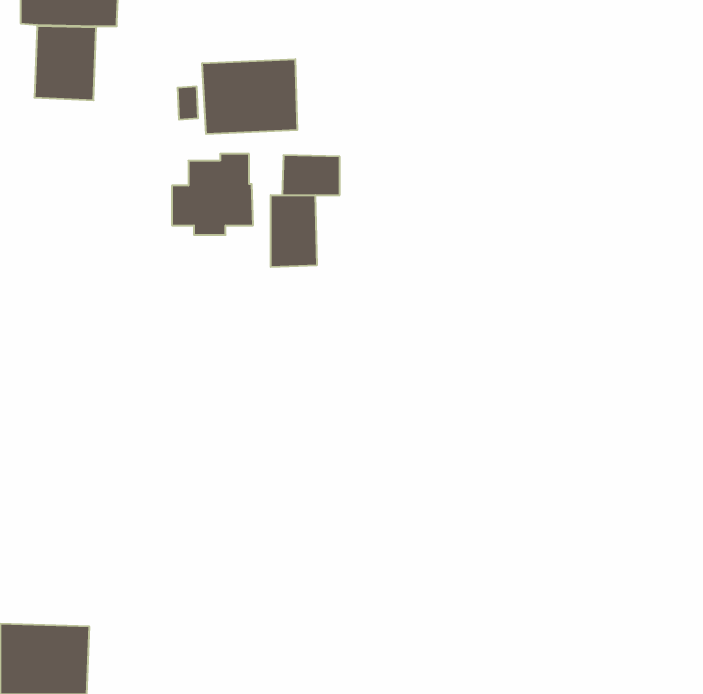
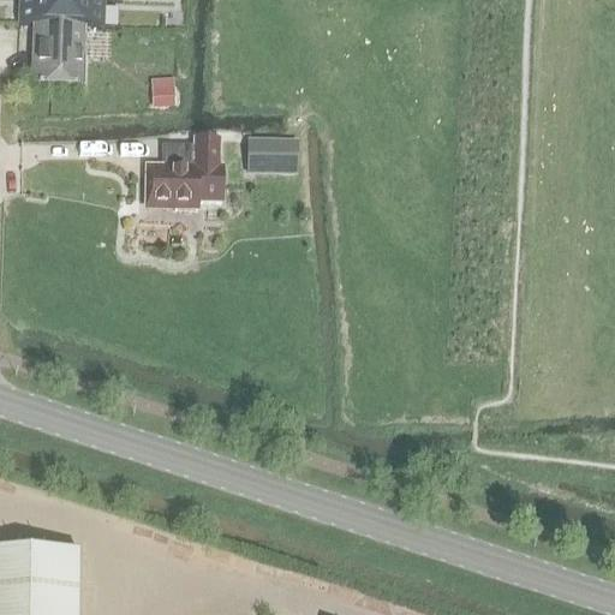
building: [202,59,297,134] -> none
building: [271,195,317,267] -> none

